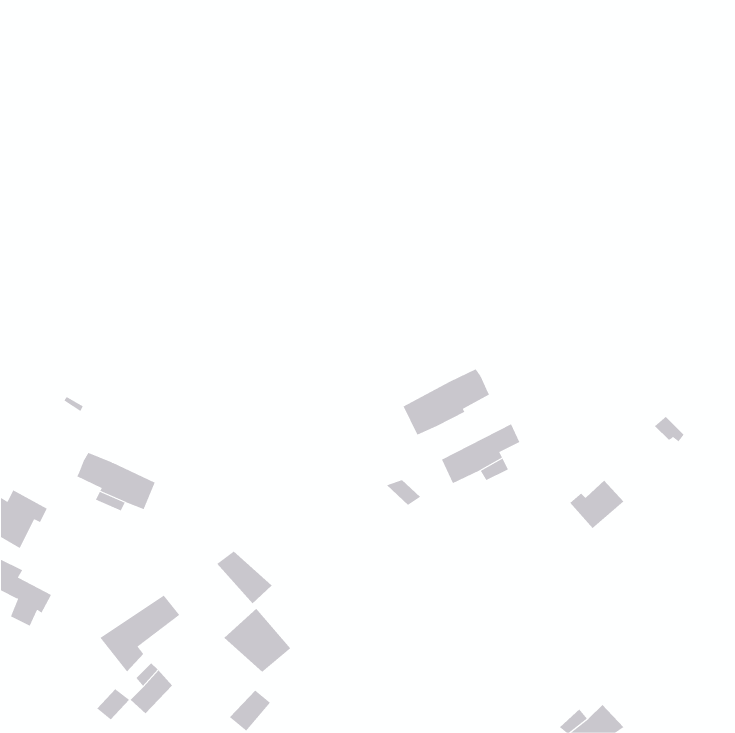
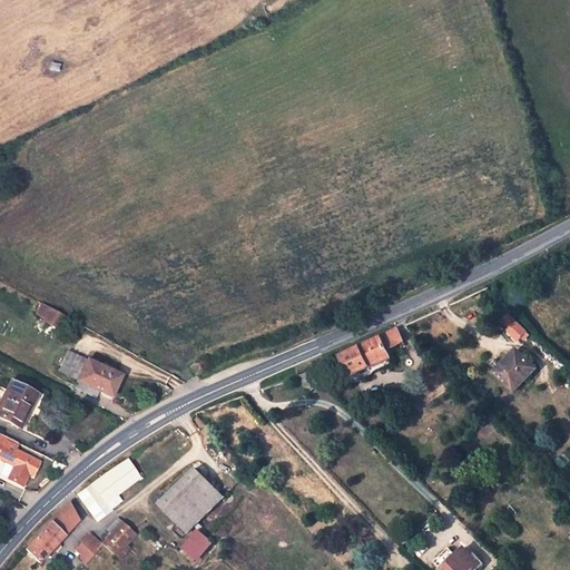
building: [403,369,490,435] -> none
building: [569,480,624,529] -> [497,355,539,393]
building: [216,551,273,604] -> [160,493,204,534]
building: none -> [23,500,76,559]

